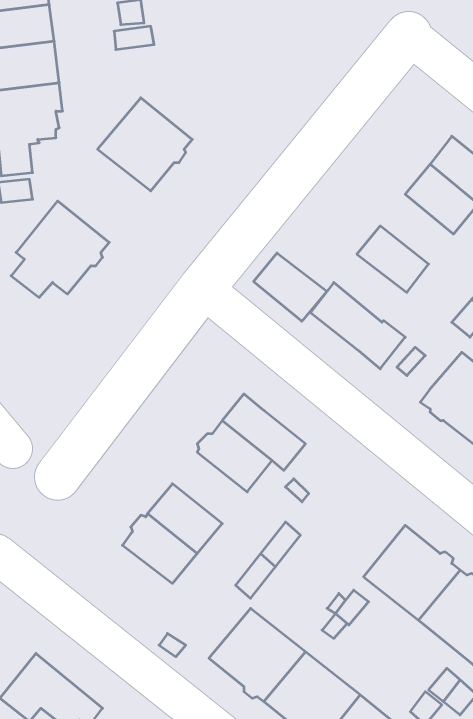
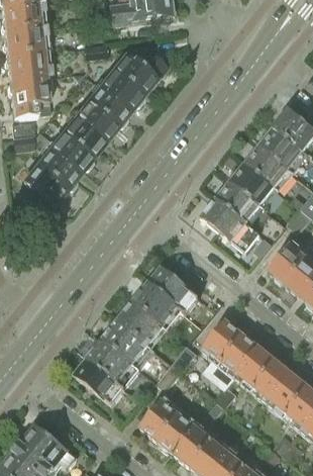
building: none -> [99,53,167,111]
building: none -> [33,117,105,174]
building: none -> [244,145,289,187]
building: [254,253,327,321] -> [216,181,260,222]
building: none -> [118,301,164,345]
building: none -> [202,319,259,377]
building: none -> [75,358,125,403]

